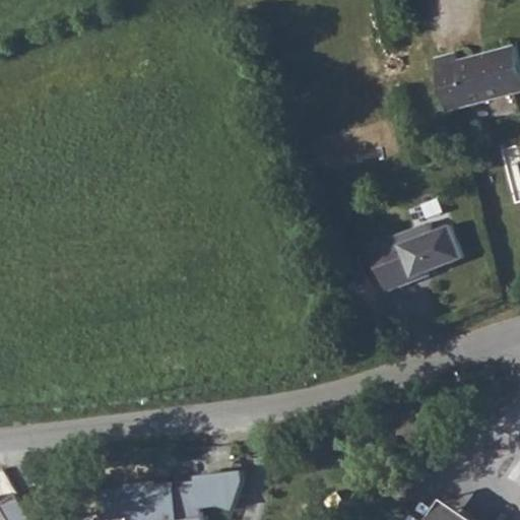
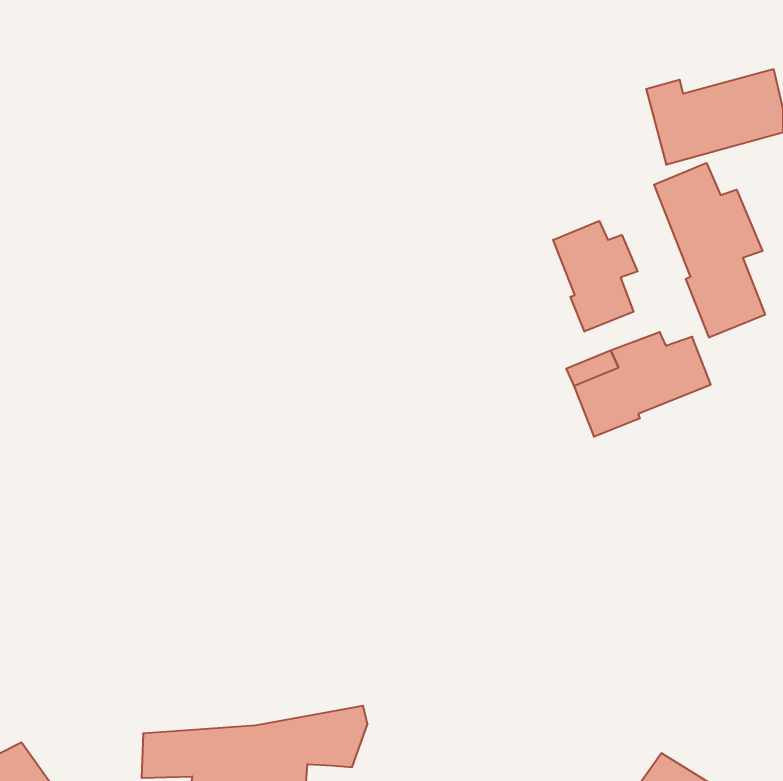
building: none -> [654,163,765,338]
building: none -> [553,221,638,332]

